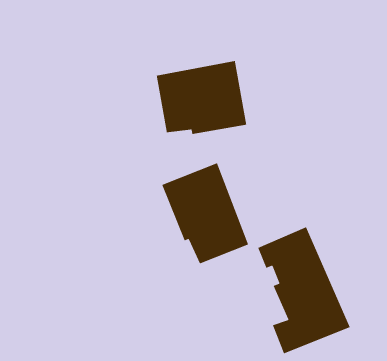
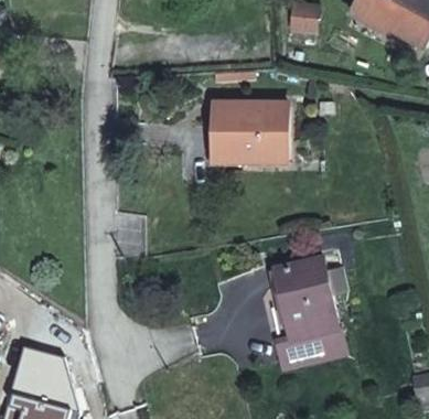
building: [161,162,249,265] -> none

